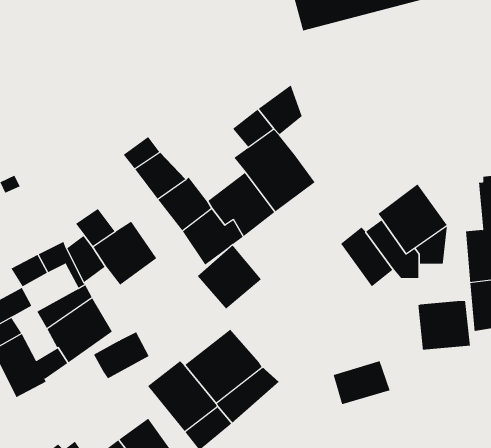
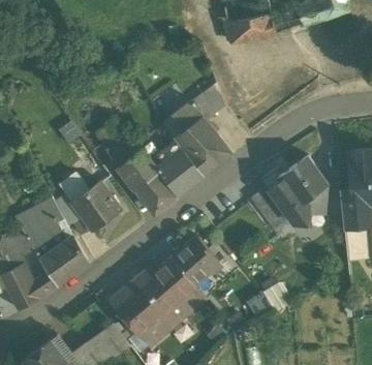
building: [197,245,262,309] -> [172,237,218,283]
building: [418,300,470,350] -> none
building: [93,332,149,379] -> [22,213,62,247]

